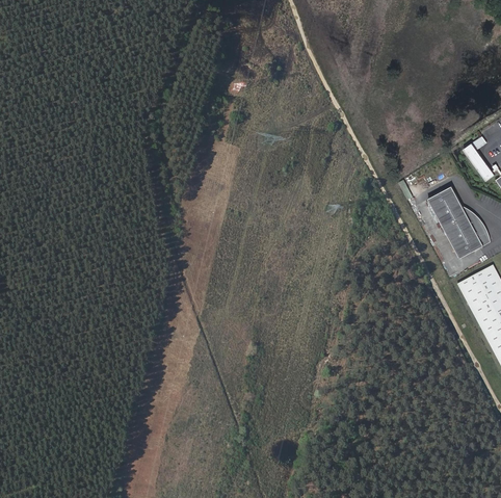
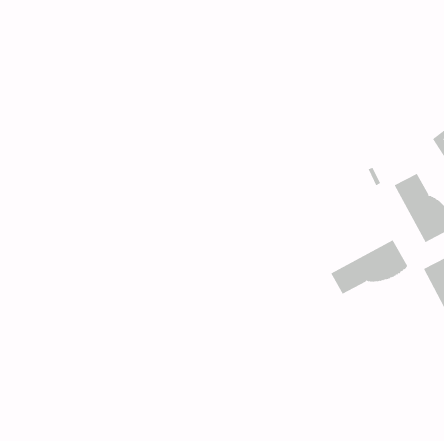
building: none -> [331,239,408,294]

